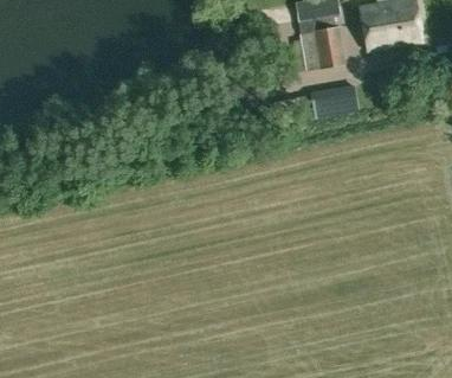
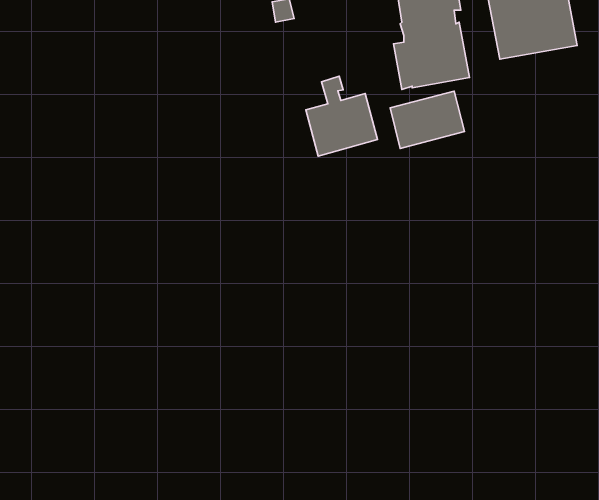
building: none -> [306,76,377,156]

